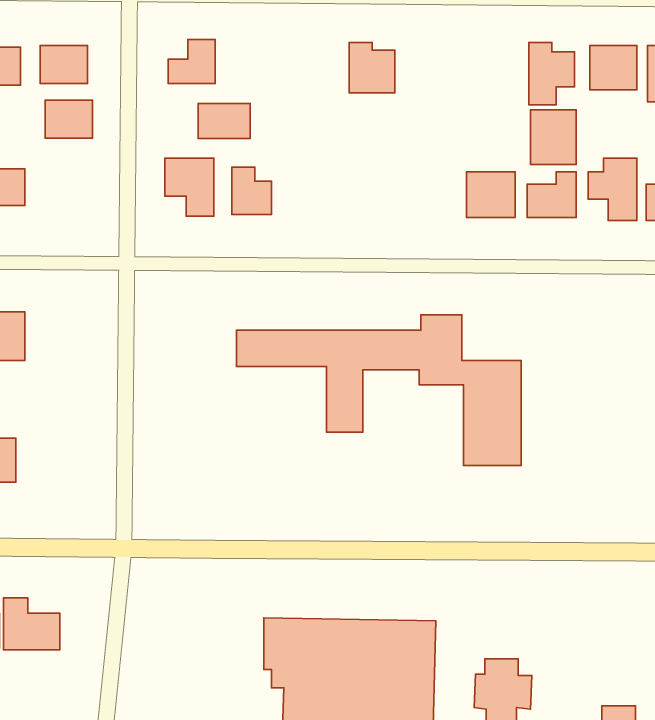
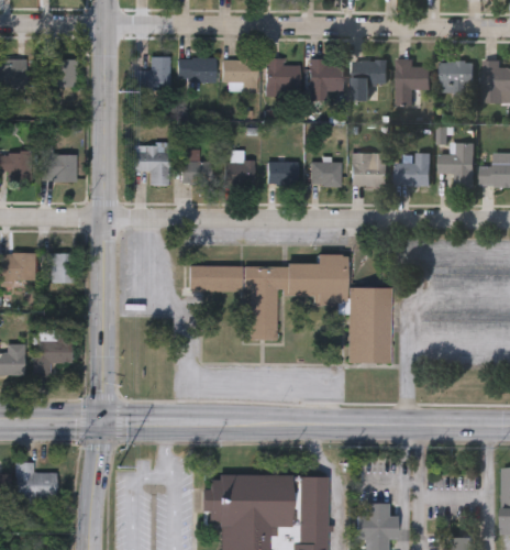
building: none -> [222,59,256,94]
building: none -> [308,61,344,92]
building: [45,100,92,138] -> [42,155,76,183]
building: [198,104,250,139] -> [177,57,214,82]
building: [530,110,576,164] -> [353,61,386,100]
building: none -> [267,160,297,185]
building: none -> [224,161,255,186]
building: none -> [310,162,341,186]
building: none -> [43,254,76,285]
building: none -> [33,331,73,377]

